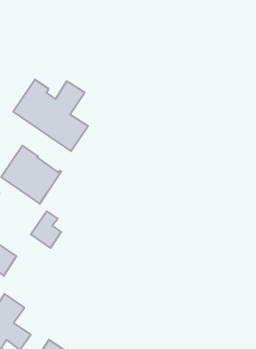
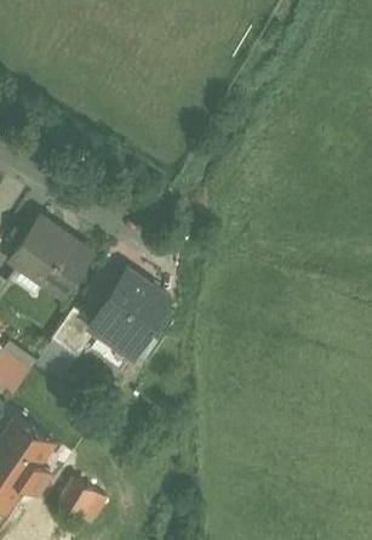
building: [13,79,88,151] -> none
building: none -> [90,271,170,353]

